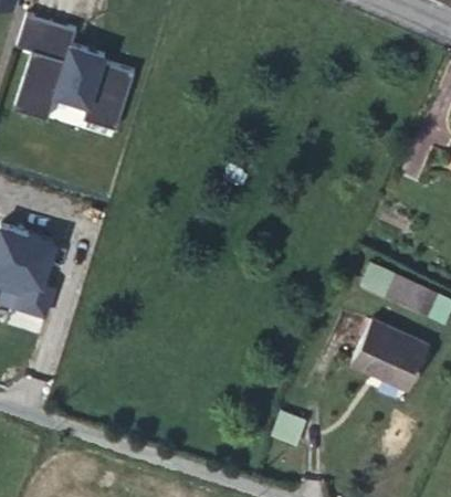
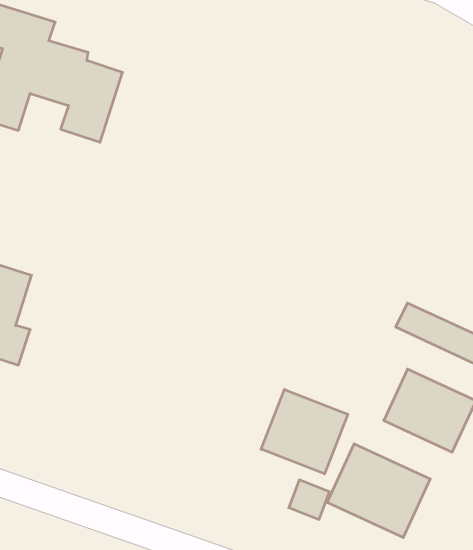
building: none -> [261,389,348,474]
building: none -> [327,444,430,538]

